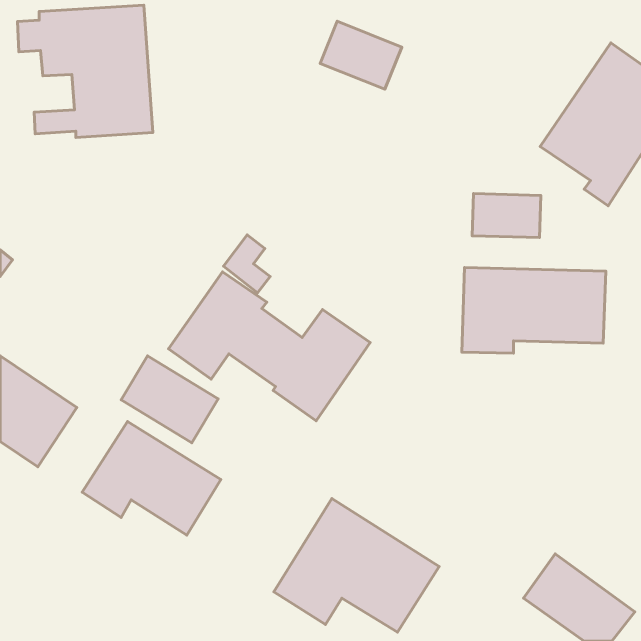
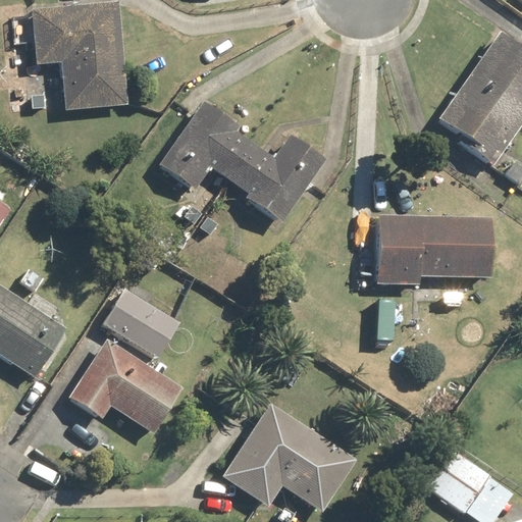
building: [320,21,402,89] -> none
building: [472,194,541,237] -> none
building: [168,272,370,421] -> [161,102,324,222]

